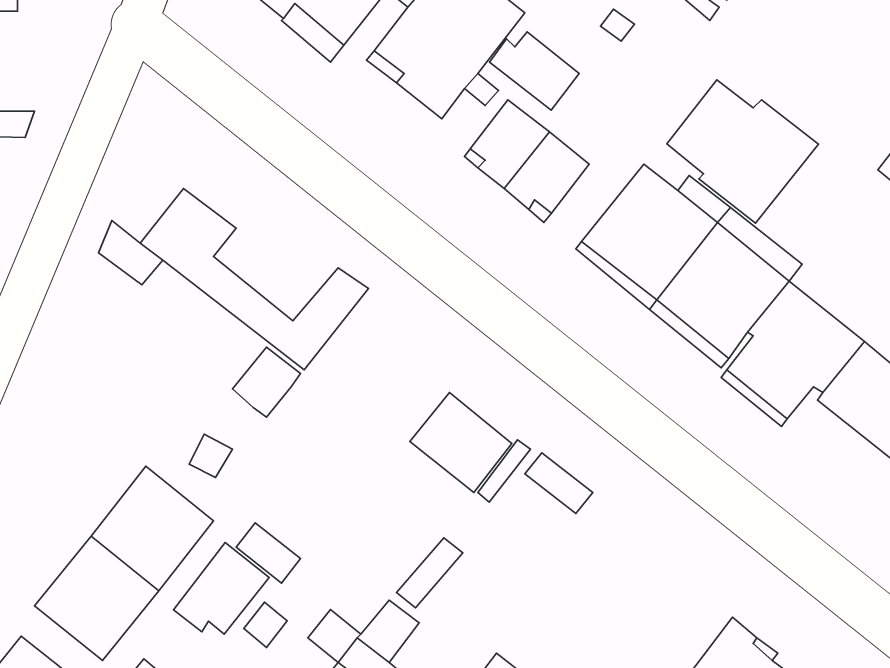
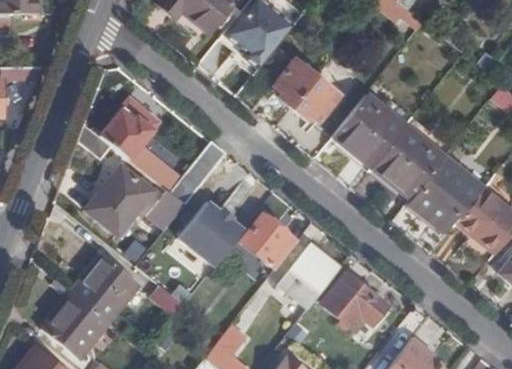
building: [489,32,579,110] -> none
building: [667,80,818,223] -> none
building: none -> [87,165,151,232]
building: none -> [177,199,243,265]
building: none -> [284,258,331,305]
building: none -> [323,275,386,328]
building: [174,543,269,634] -> none

